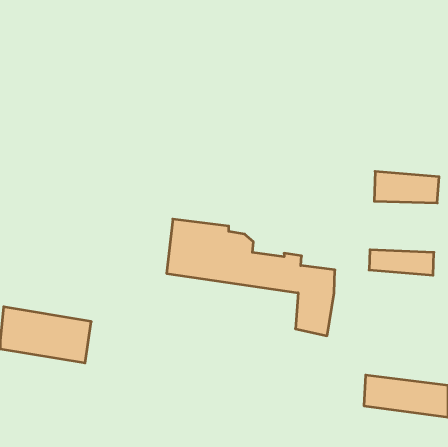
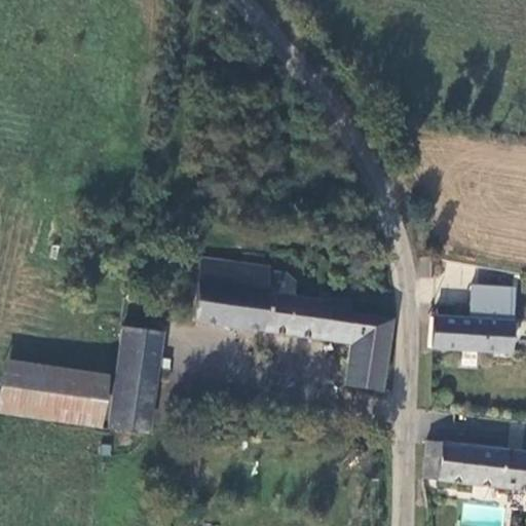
building: [374,171,439,203] -> [431,316,508,353]
building: none -> [110,327,172,431]

